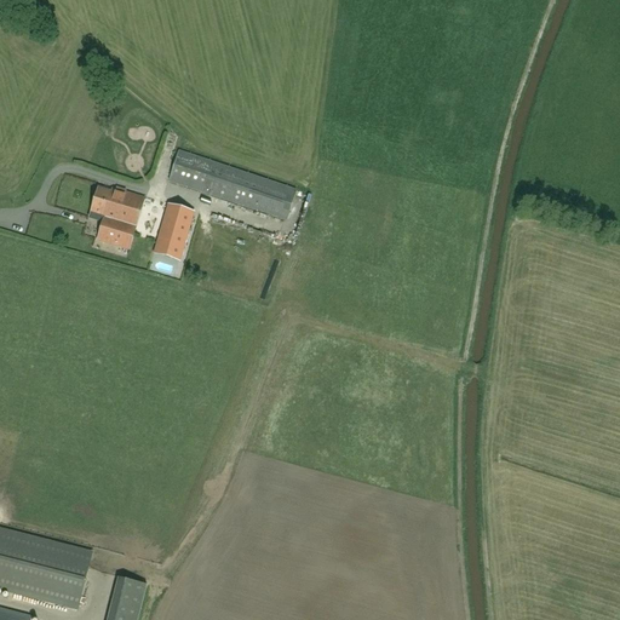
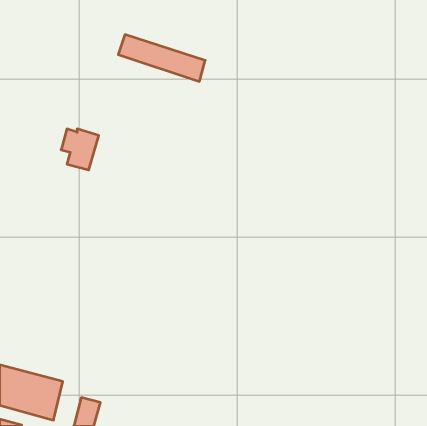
building: [168,150,294,218] -> [118,35,205,81]
building: [155,203,193,258] -> none

